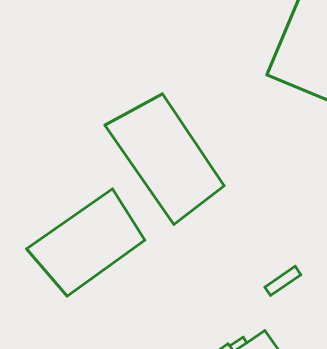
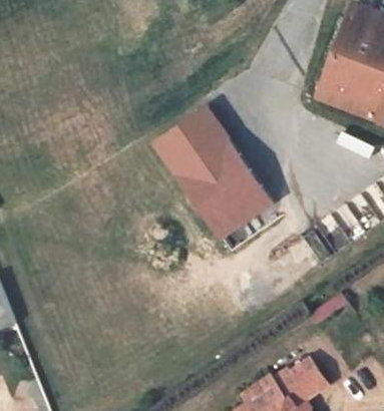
building: [26,189,145,296] -> none

